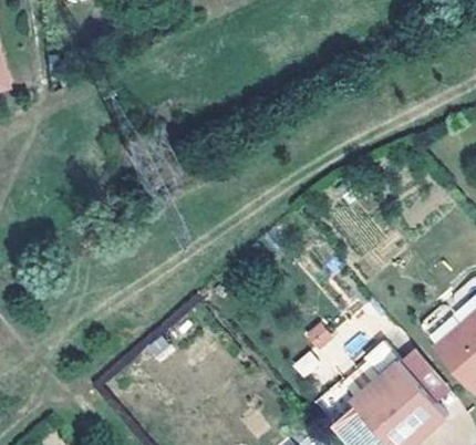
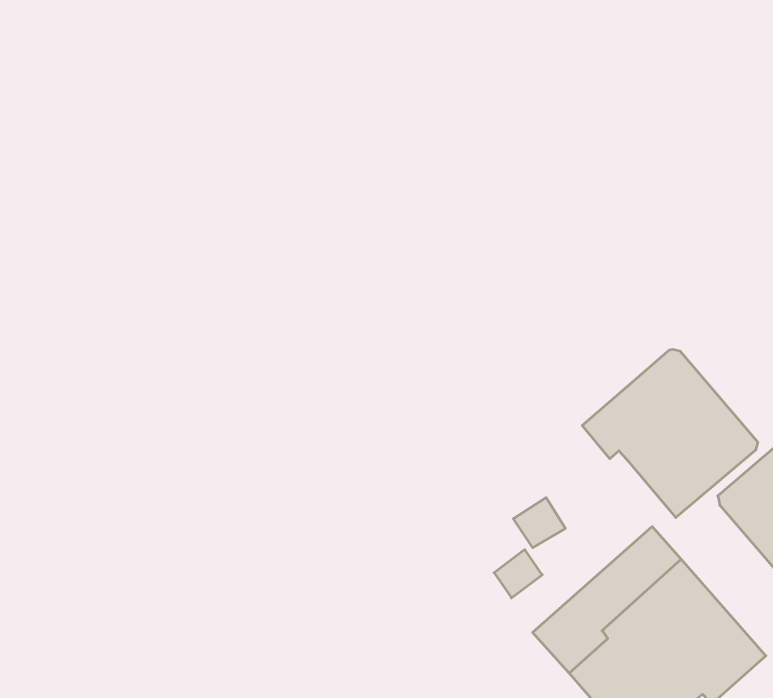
building: none -> [582,349,758,518]

